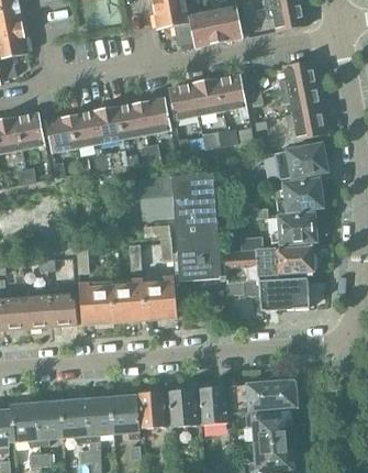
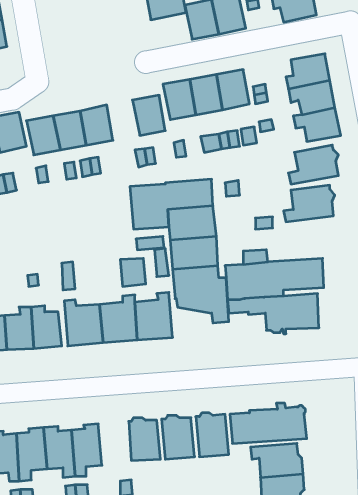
building: [118,102,147,139] -> none
building: [271,213,316,244] -> none
building: [110,394,138,432] -> none

